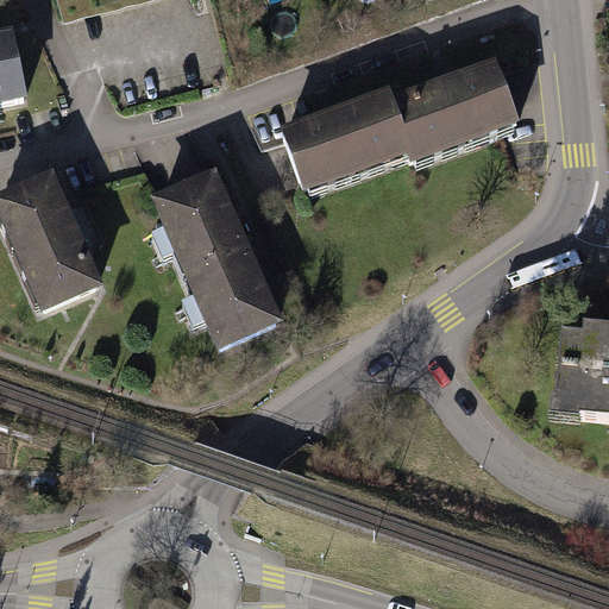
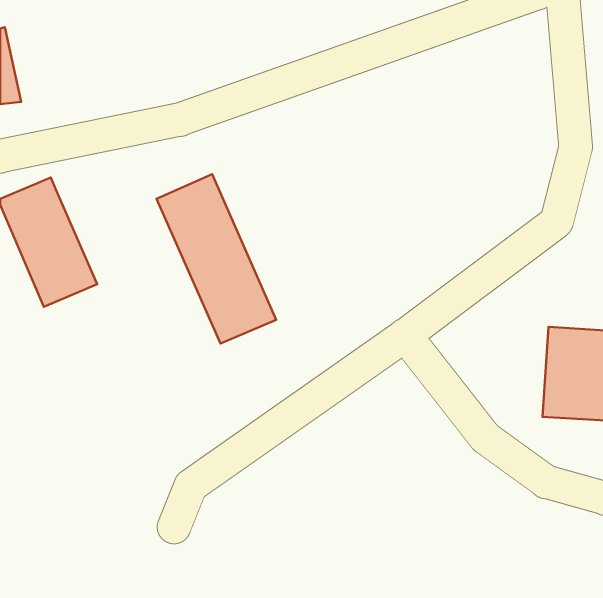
building: [282,57,511,186] -> none

